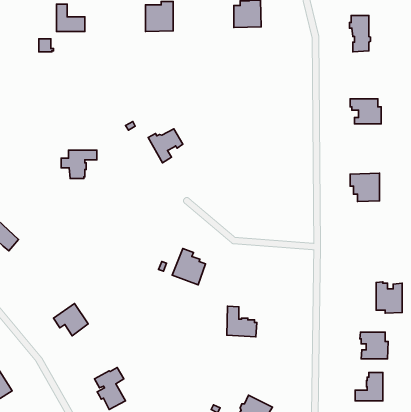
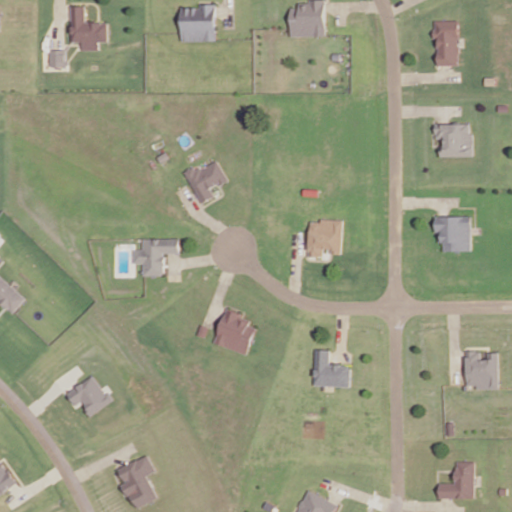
building: [61,150,97,178] -> [132,240,176,275]
building: none -> [306,219,340,258]
building: [227,306,257,337] -> [312,349,349,387]
building: [360,332,388,359] -> none

